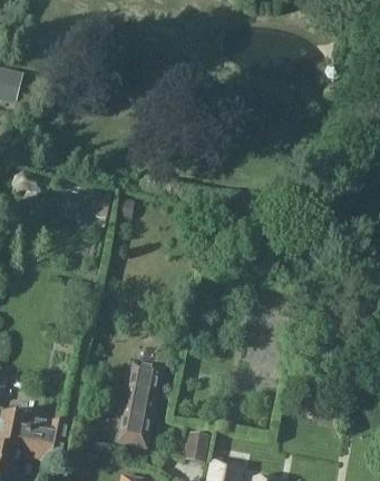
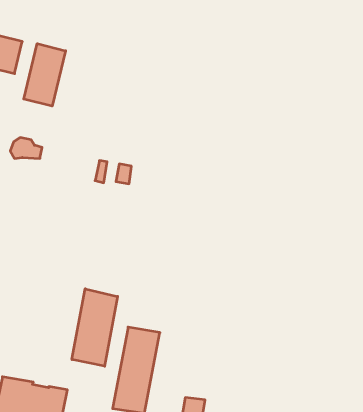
building: none -> [24,44,66,106]
building: none -> [72,289,118,366]

